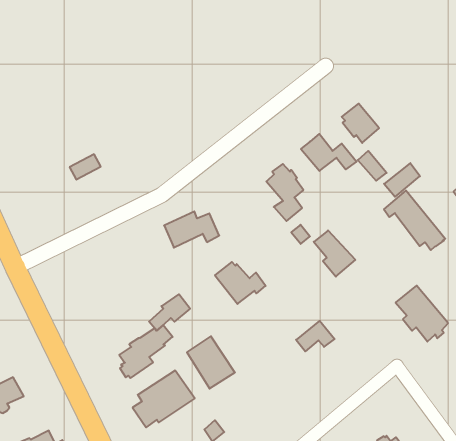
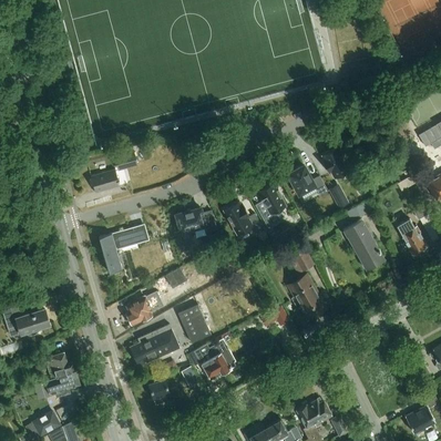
building: none -> [90,170,119,193]
building: none -> [99,228,136,274]
building: [215,262,266,304] -> [224,203,260,235]
building: [396,286,448,342] -> [288,276,325,319]
building: none -> [187,337,236,379]

